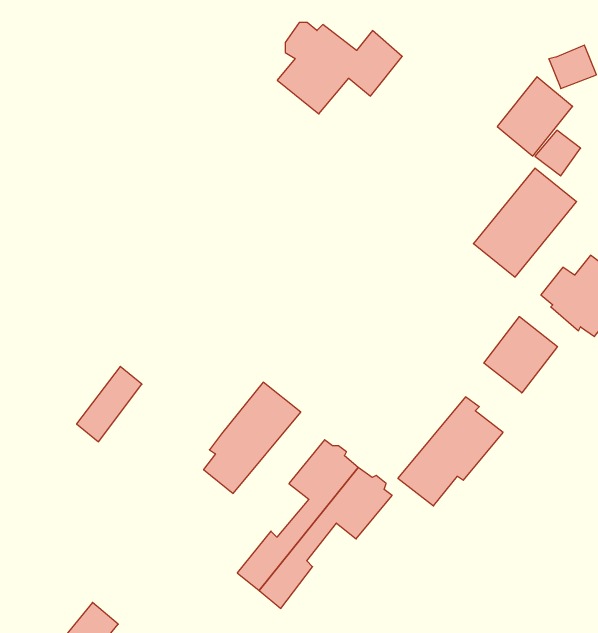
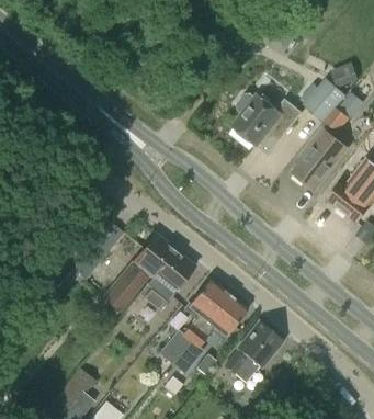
building: [277,23,402,114] -> [234,95,303,146]
building: [484,317,557,393] -> none
building: none -> [102,231,174,310]
building: [398,397,503,506] -> [224,320,282,381]

